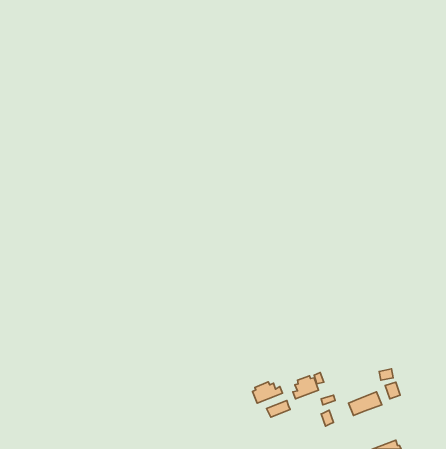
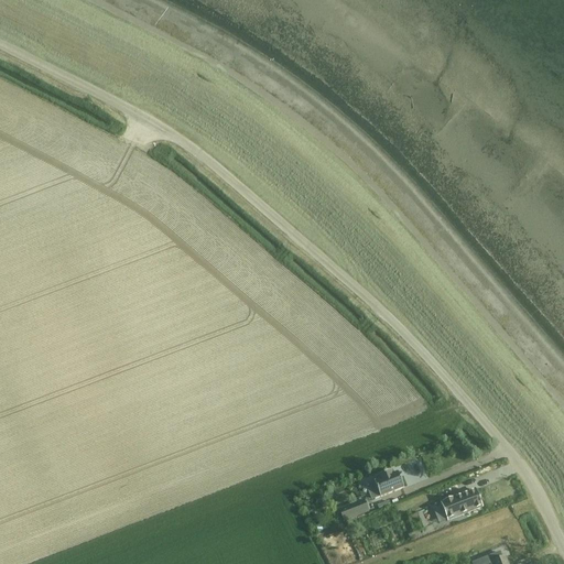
building: [252,382,282,403] -> none

